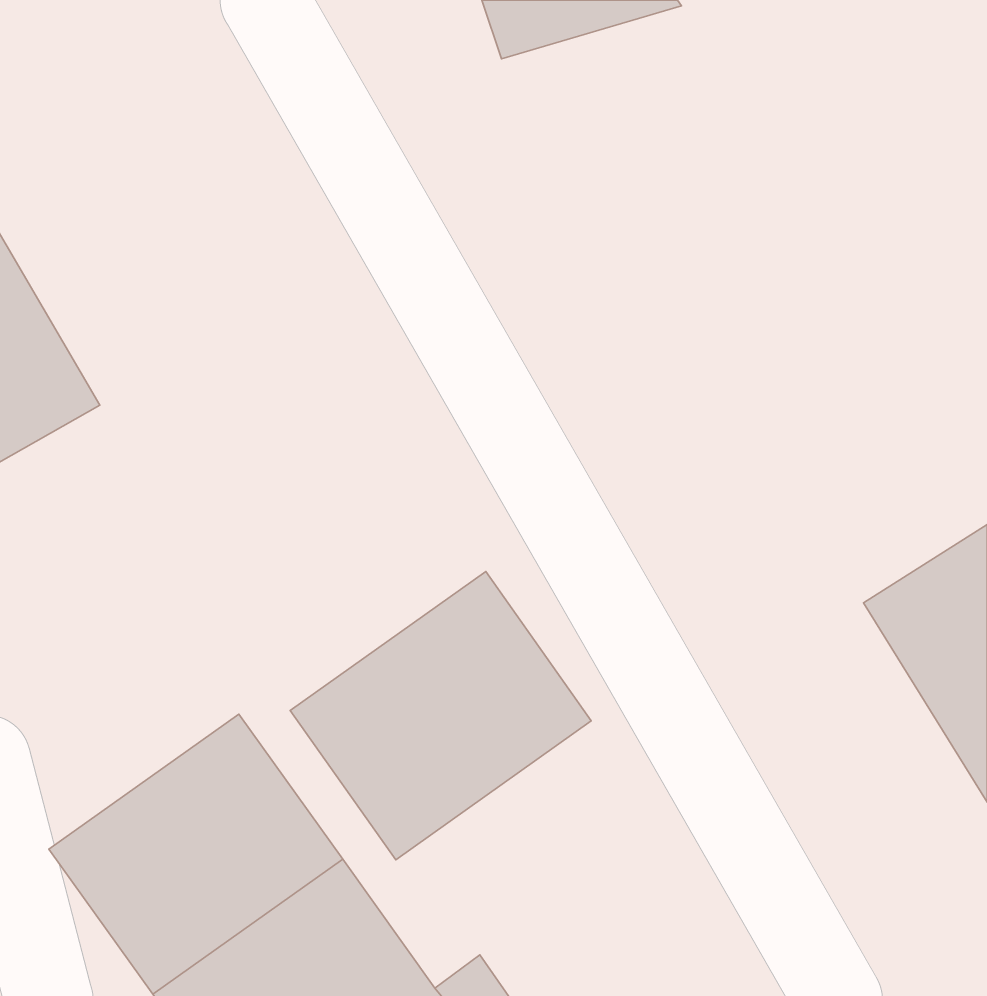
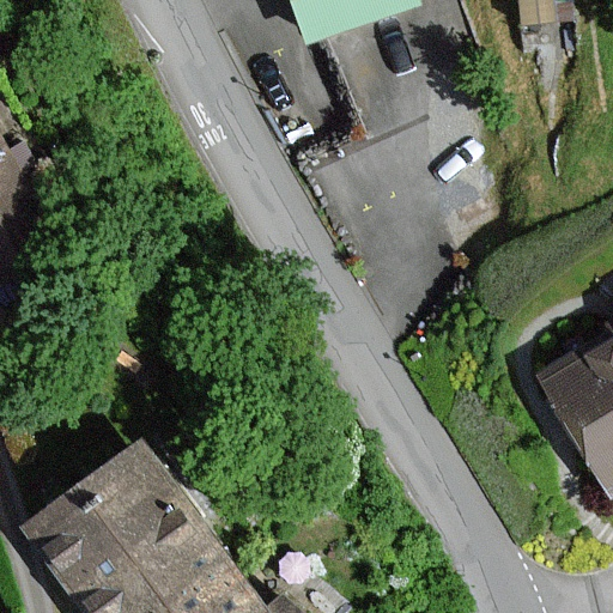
building: [290,572,591,860] -> none

